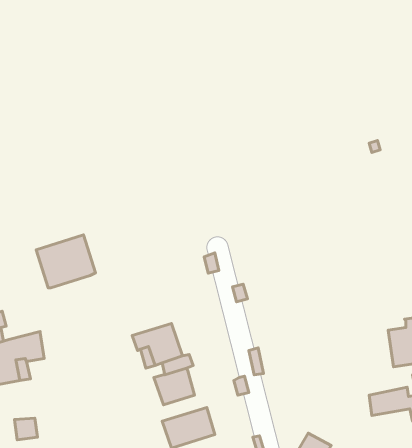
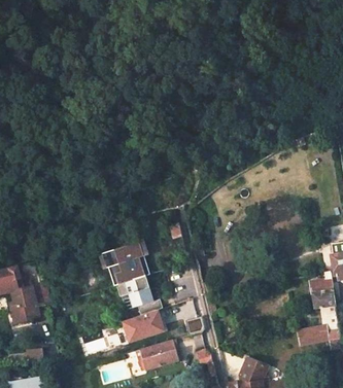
building: [36,235,96,288] -> [104,245,149,285]

